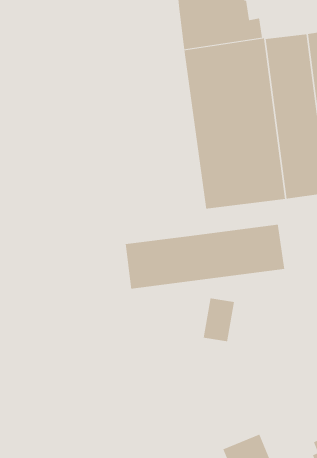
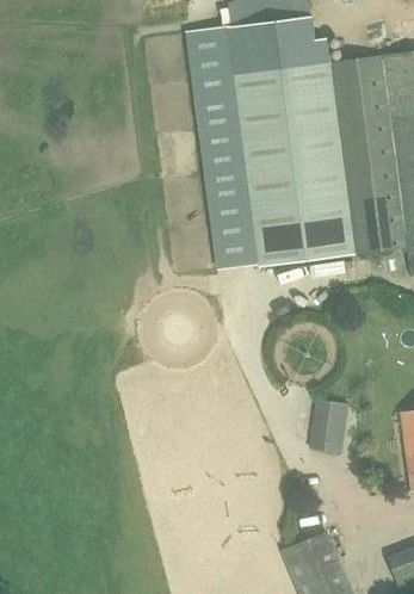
building: none -> [190,27,262,272]
building: [125,224,285,290] -> none
building: [203,298,235,342] -> [310,401,348,453]

